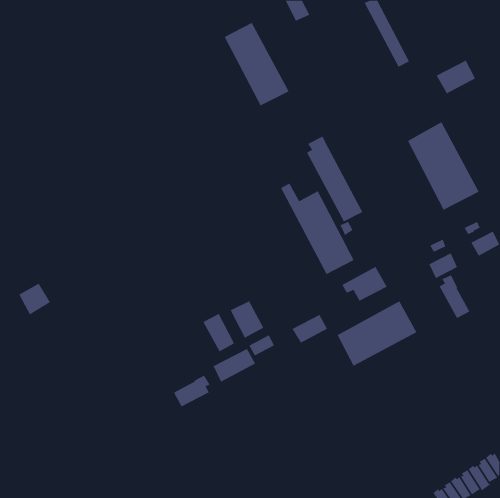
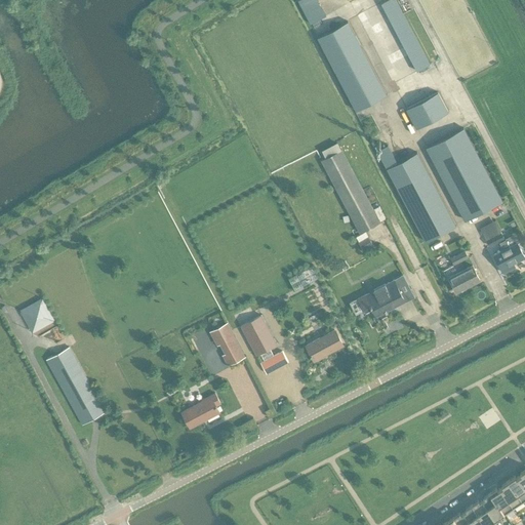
building: [224,22,290,106] -> [318,24,387,112]
building: [436,60,476,94] -> [406,94,448,130]
building: [280,183,354,275] -> [377,147,455,243]
building: [439,275,470,319] -> none
building: [337,300,417,367] -> none
building: none -> [46,349,106,427]
building: [213,348,256,382] -> none

